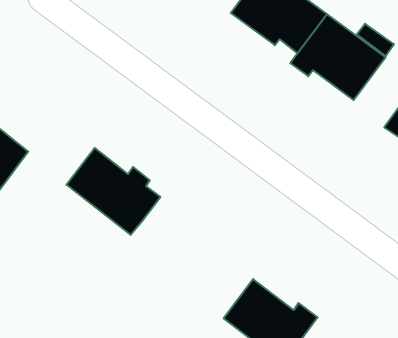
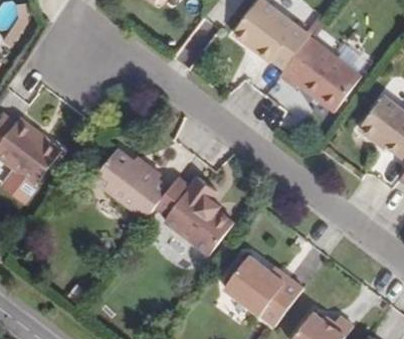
building: none -> [155,177,233,255]

